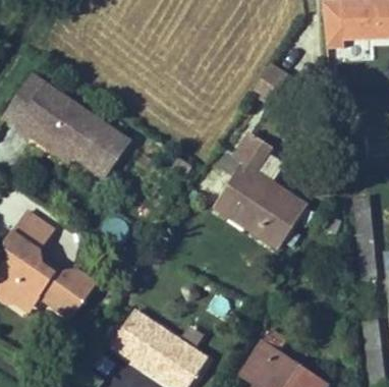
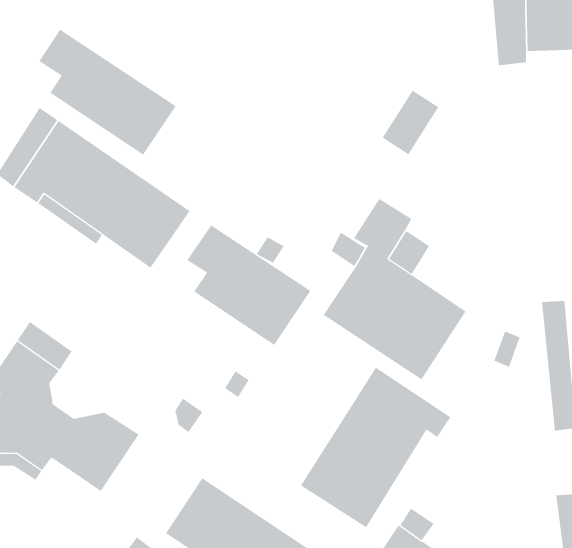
building: none -> [38,29,177,156]
building: none -> [187,224,311,346]
building: none -> [300,367,451,528]

